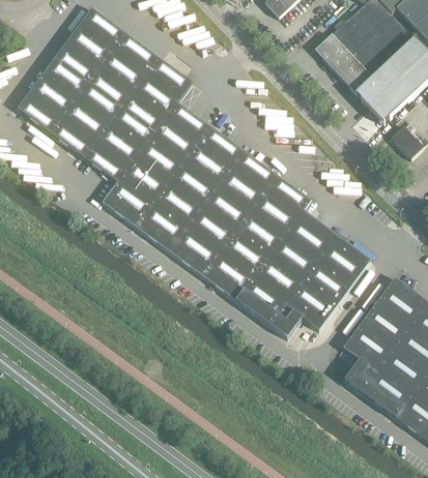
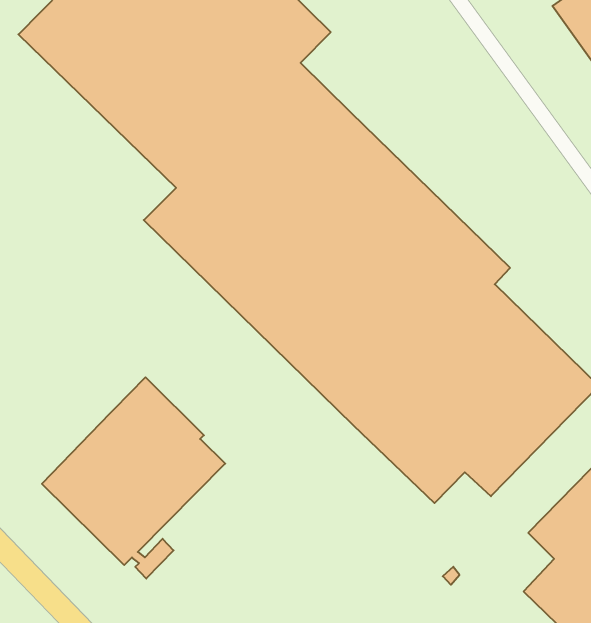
building: none -> [42,377,225,579]

